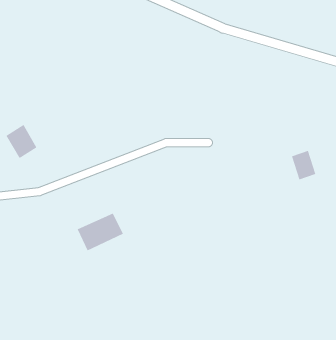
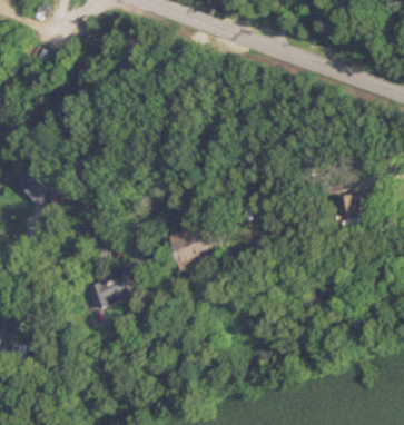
building: none -> [174,226,227,267]

